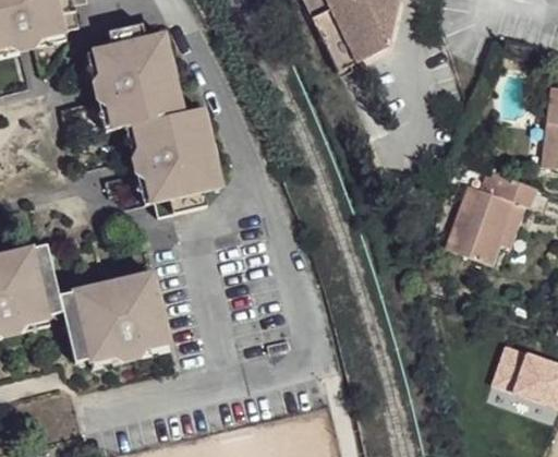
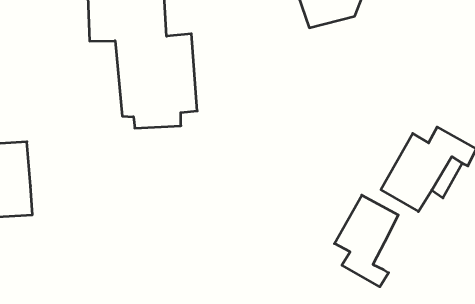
building: none -> [334,195,398,287]
building: [62,268,179,372] -> none

